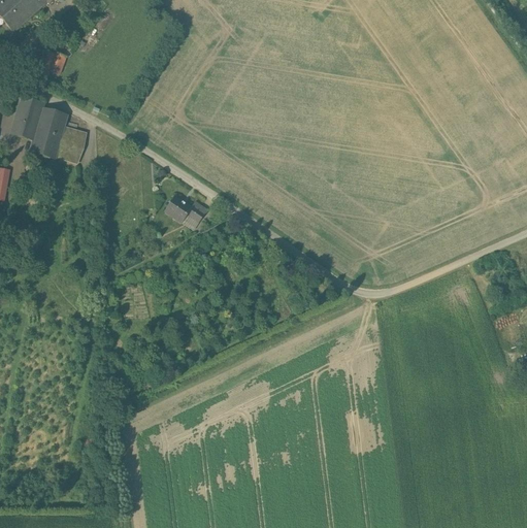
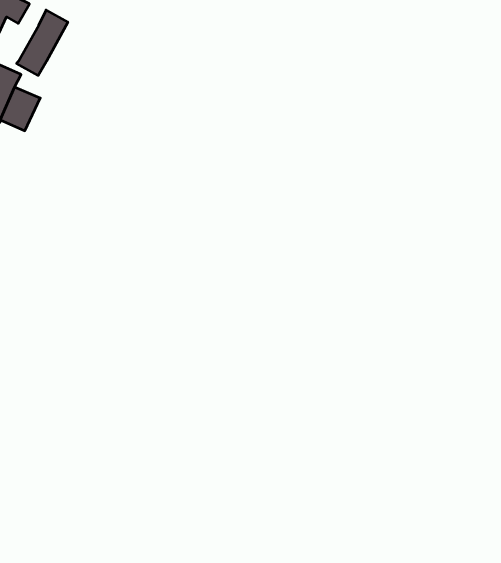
building: none -> [17,10,68,75]
building: [164,196,206,222] -> none

